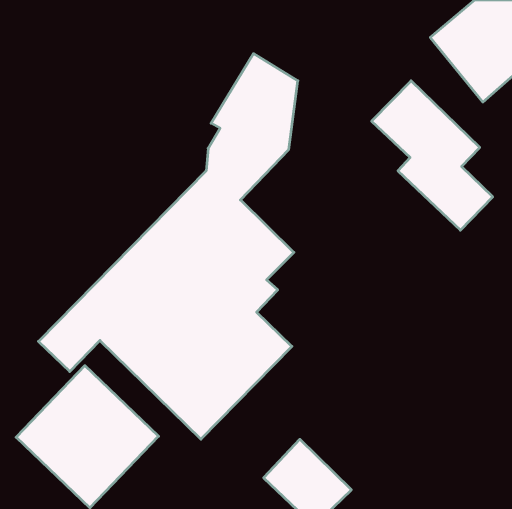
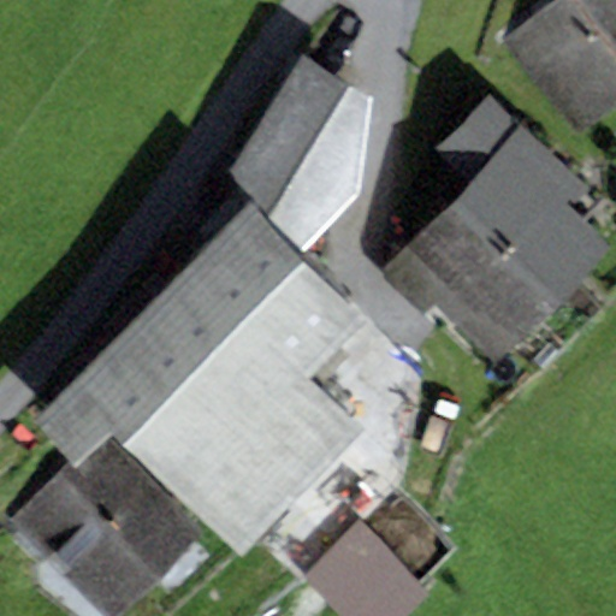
building: none -> [390,211,553,343]

